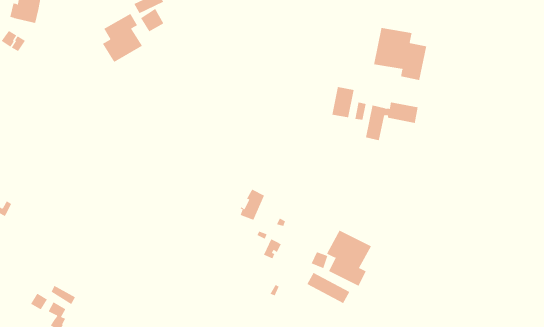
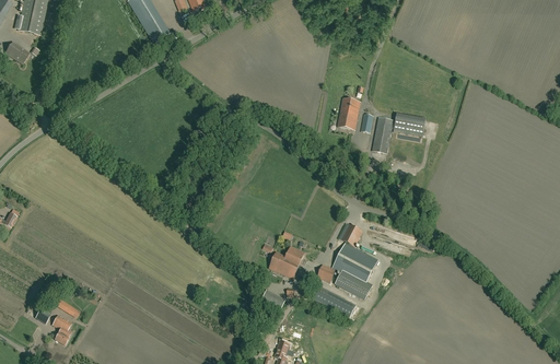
building: [102,13,143,63] -> none
building: [374,27,427,81] -> none
building: [240,189,265,220] -> [278,245,303,277]

